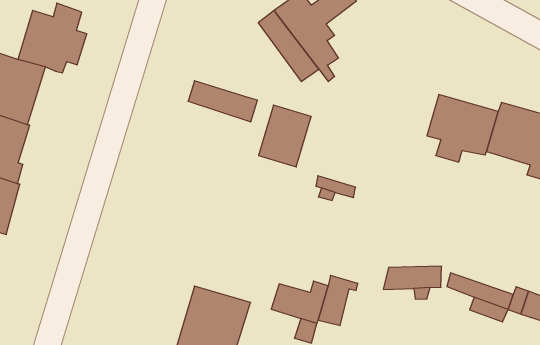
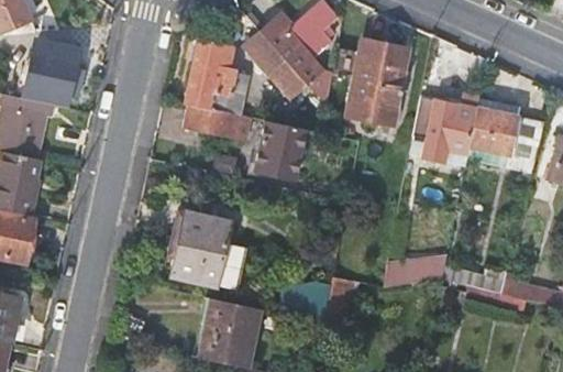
building: none -> [184,41,246,116]
building: none -> [346,40,409,123]
building: none -> [166,211,249,289]

